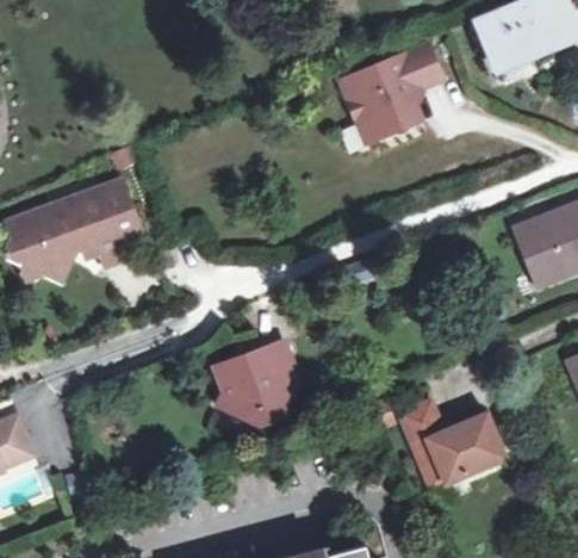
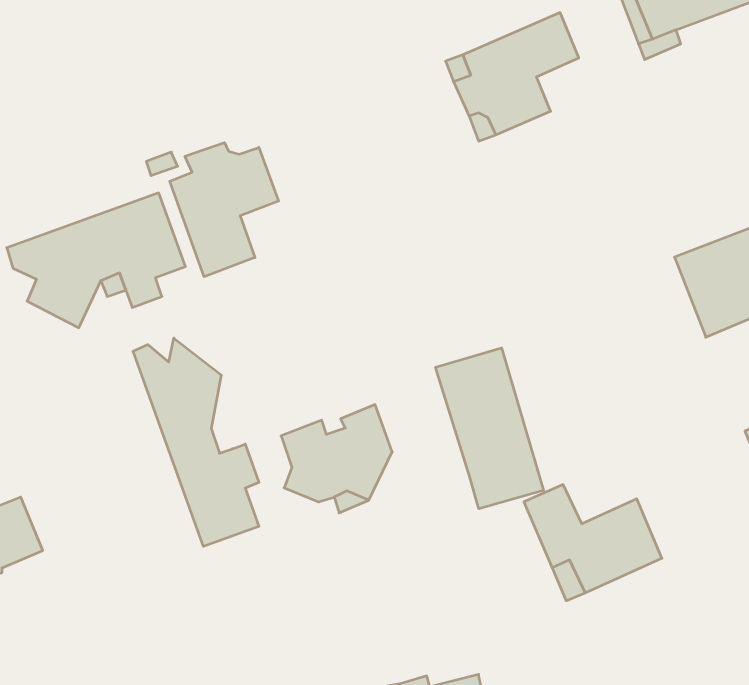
building: none -> [170,143,279,277]
building: none -> [133,338,259,546]
building: none -> [436,348,544,509]

